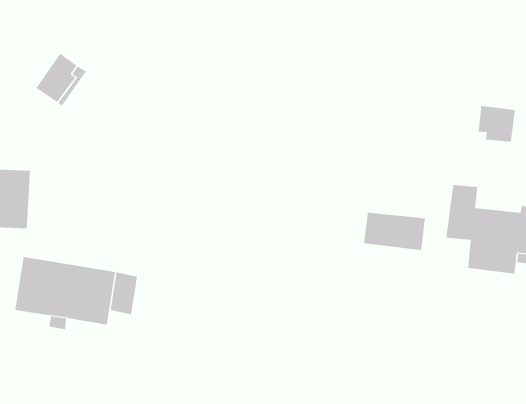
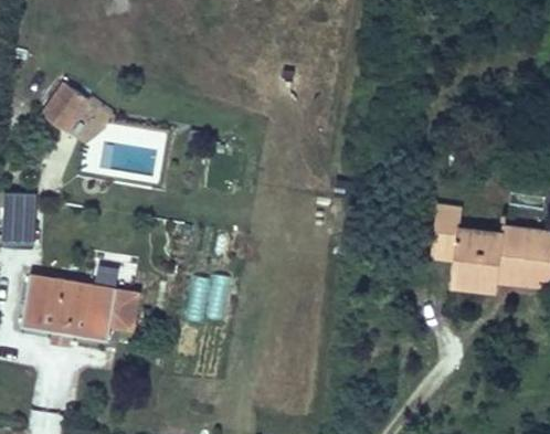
building: [478,105,515,143] -> none
building: [364,212,426,251] -> none

